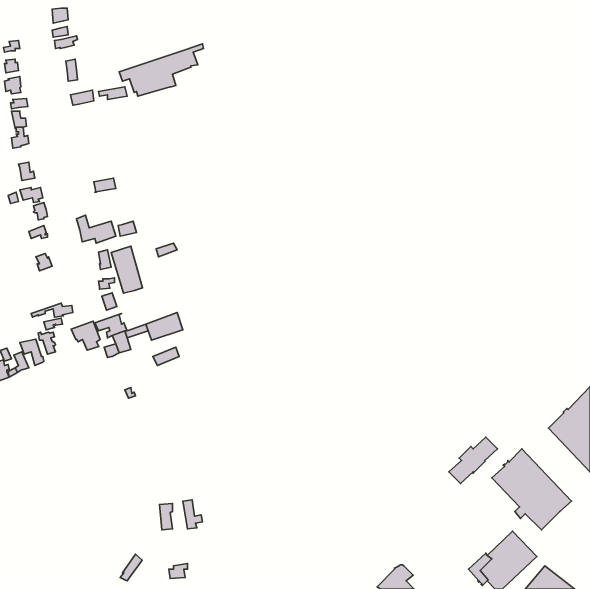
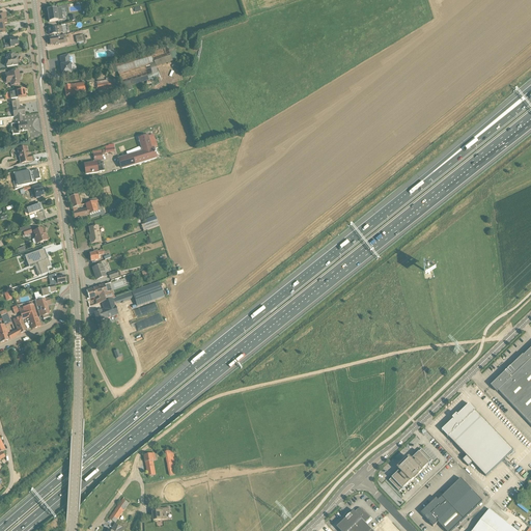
building: none -> [118,134,156,167]
building: [111,246,142,293] -> none
building: [71,321,100,350] -> [24,248,50,274]
building: [449,437,497,484] -> [388,448,431,490]

